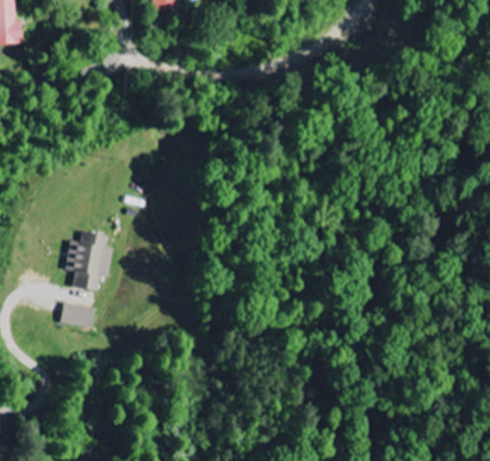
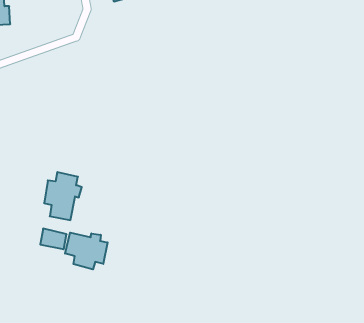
building: none -> [65,233,108,269]

